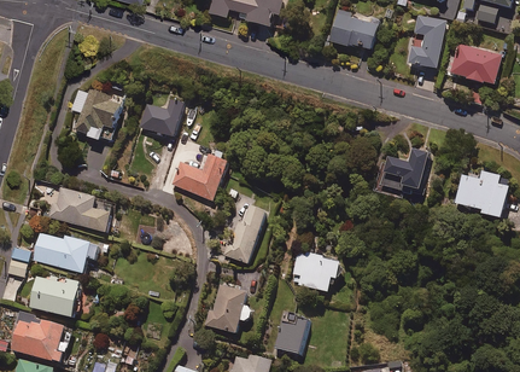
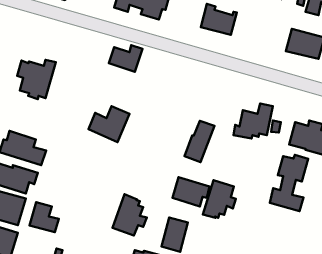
building: [409,16,448,70] -> none
building: [139,100,186,138] -> [109,45,142,72]
building: [226,205,268,263] -> [184,121,214,162]
building: none -> [270,155,308,211]
building: none -> [203,180,236,218]
building: none -> [30,202,59,232]

